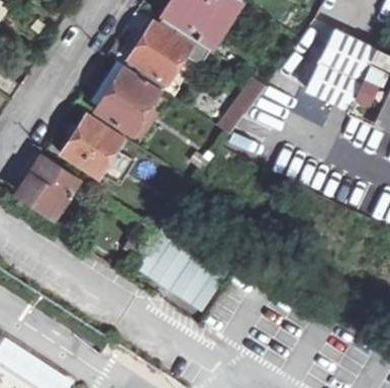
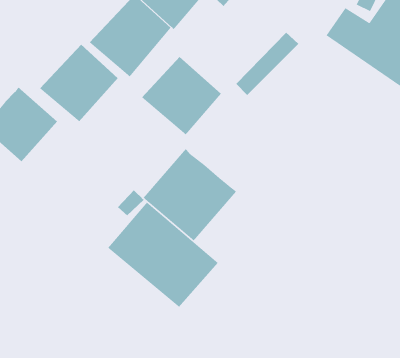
building: none -> [141,56,222,136]
building: none -> [142,148,237,242]

